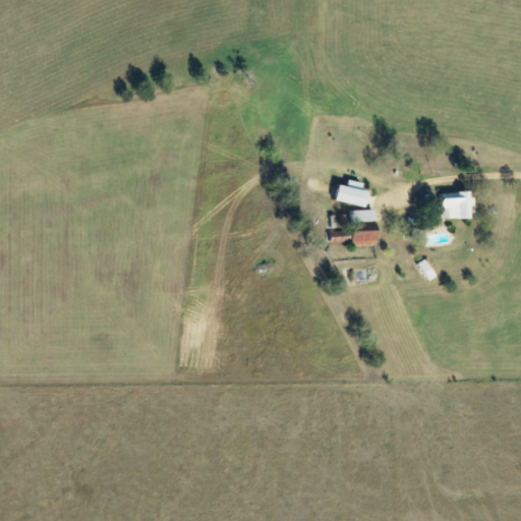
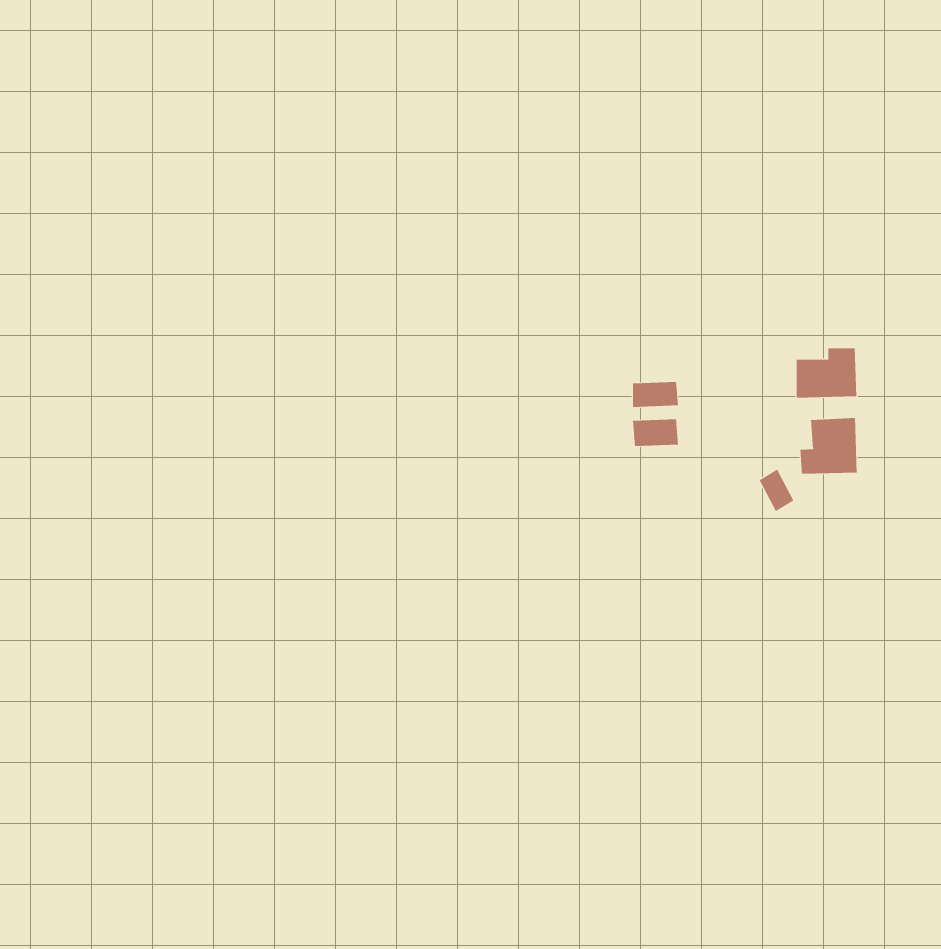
building: [334,183,367,206] -> none
building: none -> [800,417,857,474]

